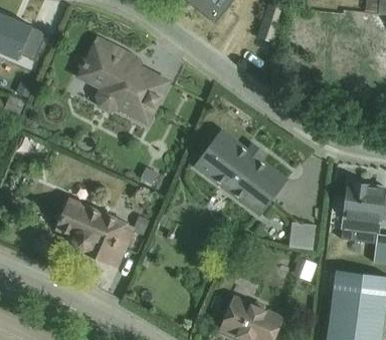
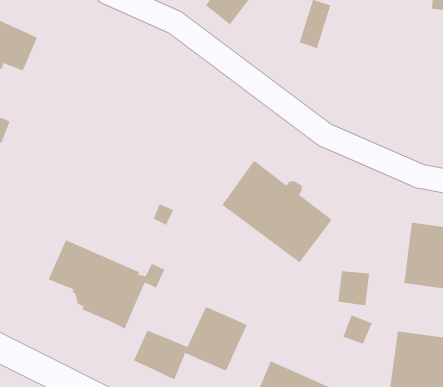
building: [77,36,169,124] -> none
building: none -> [133,306,248,380]

